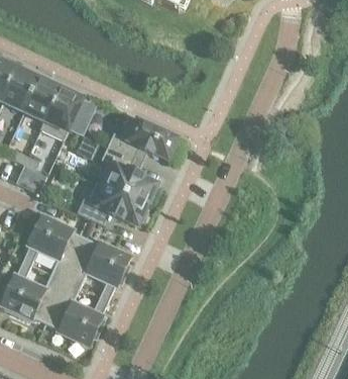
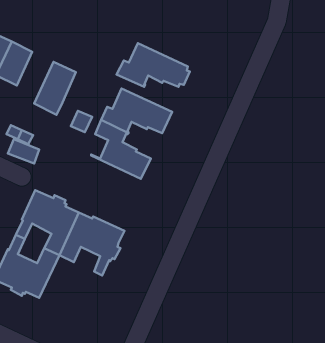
building: [23,77,60,128] -> none
building: [69,97,98,133] -> none
building: [76,180,148,223] -> [117,43,190,87]
building: [45,279,108,344] -> none

